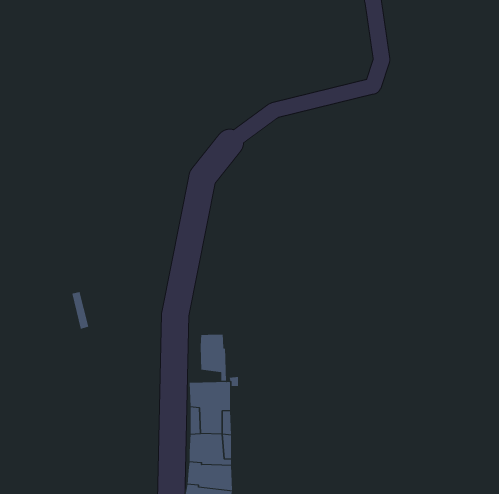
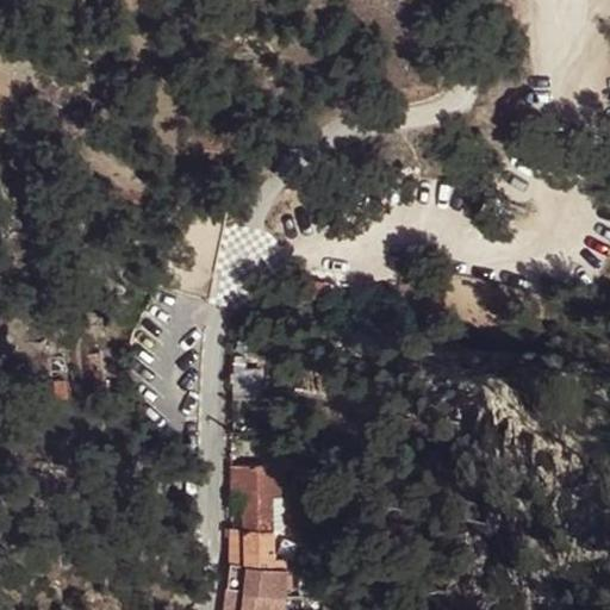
building: [200,334,226,382] -> none

